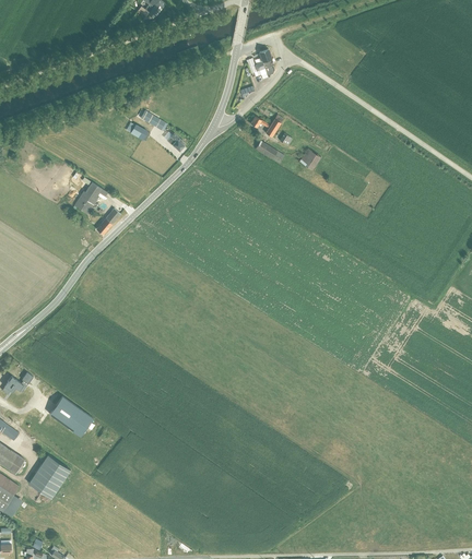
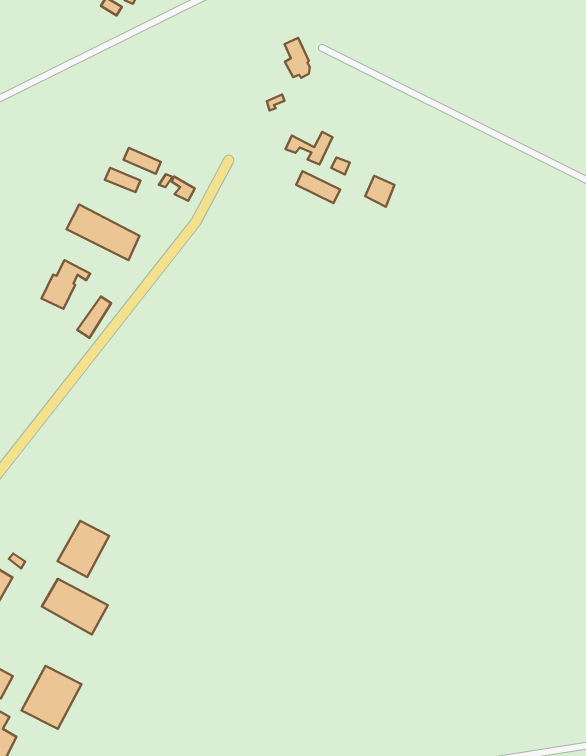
building: none -> [67,205,139,260]
building: none -> [57,521,109,577]

